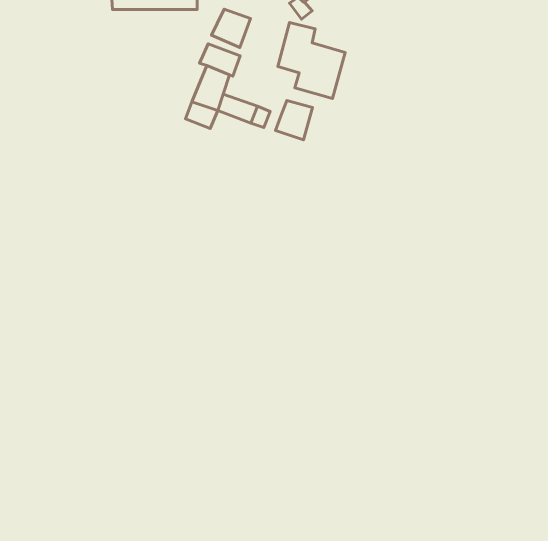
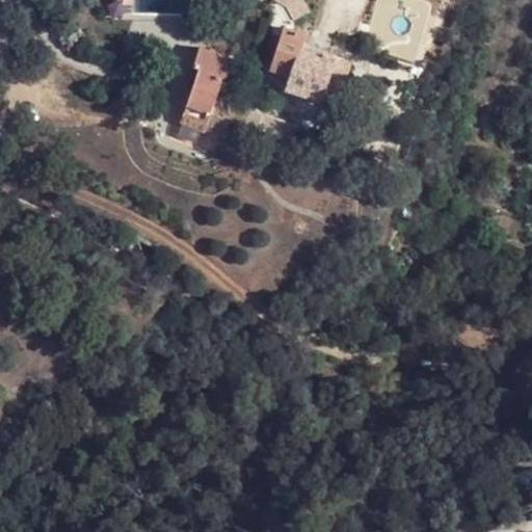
building: [211,9,251,47] -> none
building: [275,100,313,140] -> none

